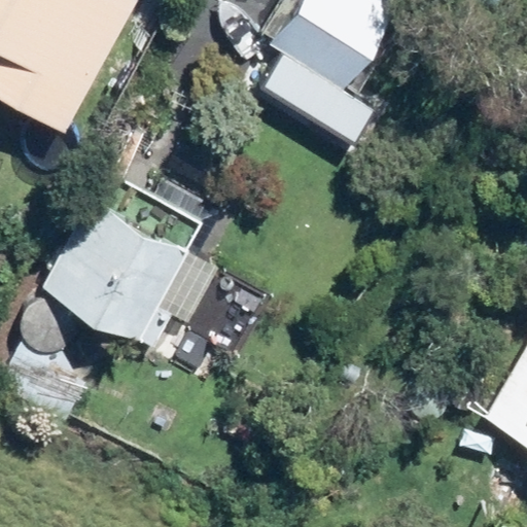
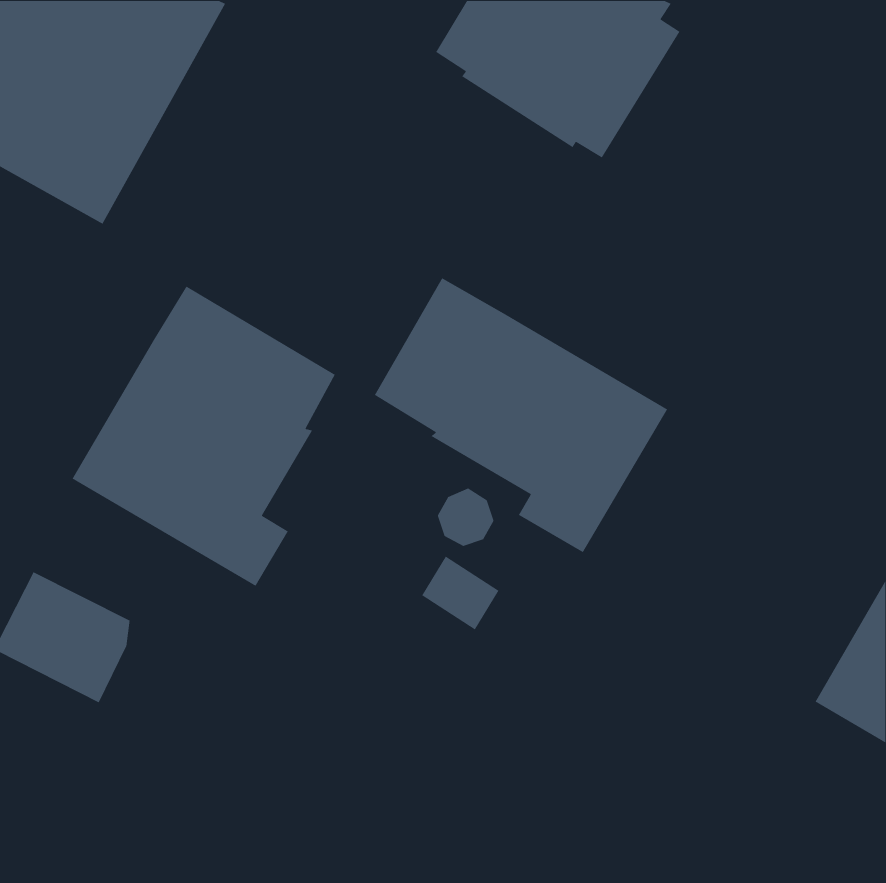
building: none -> [374,277,668,553]

